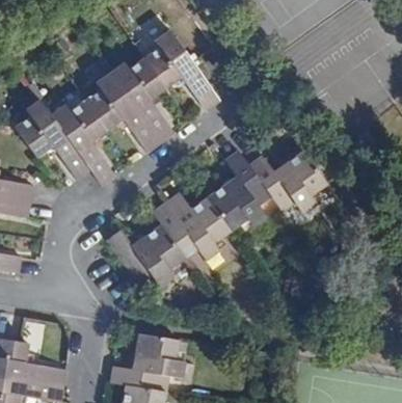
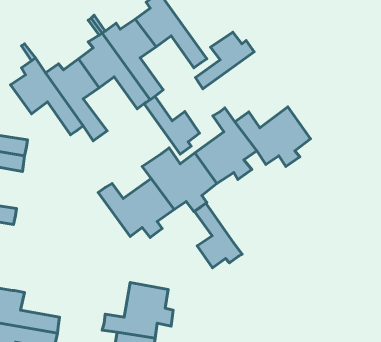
building: none -> [195,32,254,89]
building: none -> [144,97,200,154]
building: none -> [195,203,242,268]

